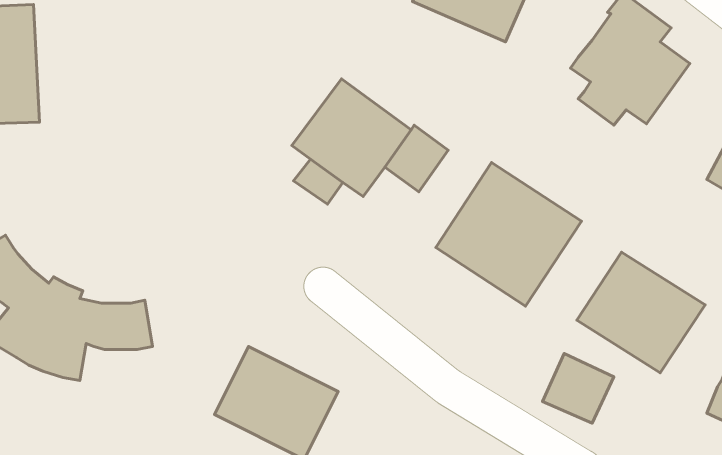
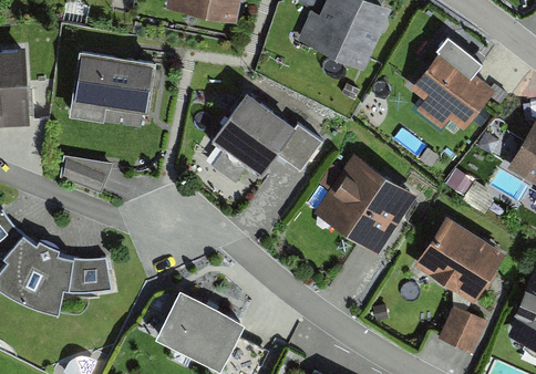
building: none -> [69,54,156,126]
building: none -> [60,154,113,194]
building: [543,354,614,423] -> [437,307,488,356]

